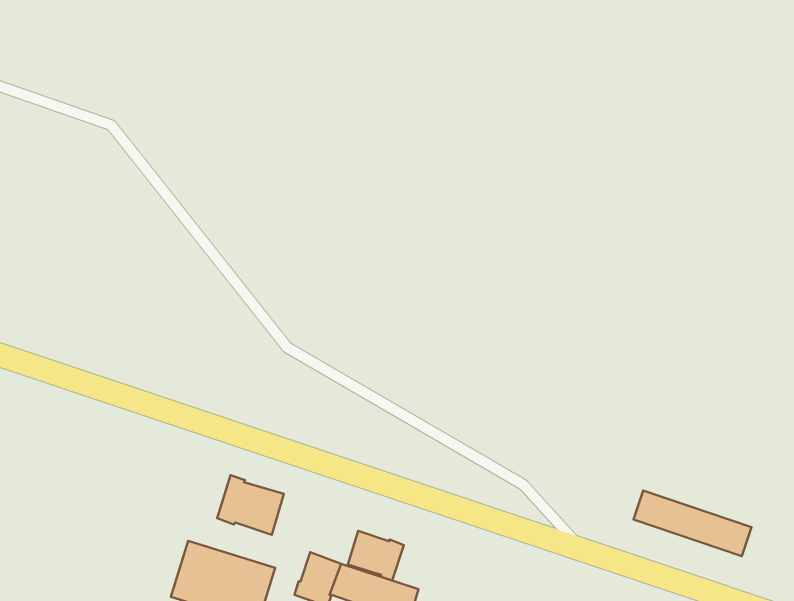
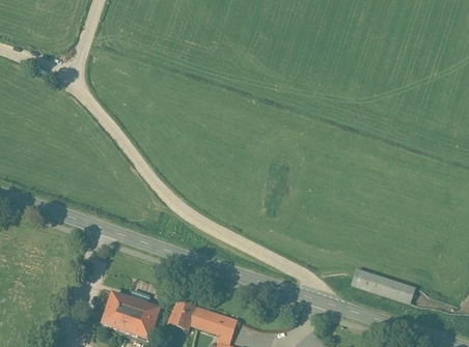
building: [217,475,284,535] -> none
building: [348,531,404,581] -> none

